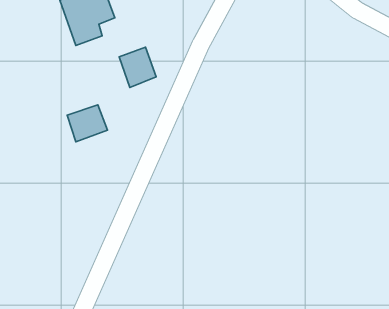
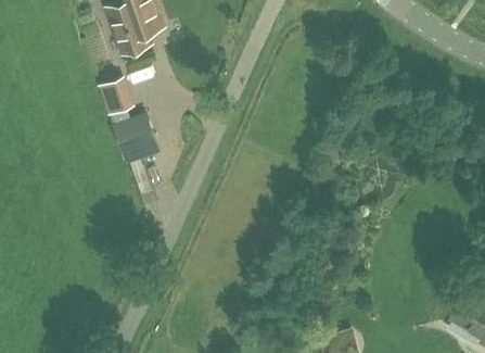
building: [119,47,156,87] -> [104,75,142,116]

